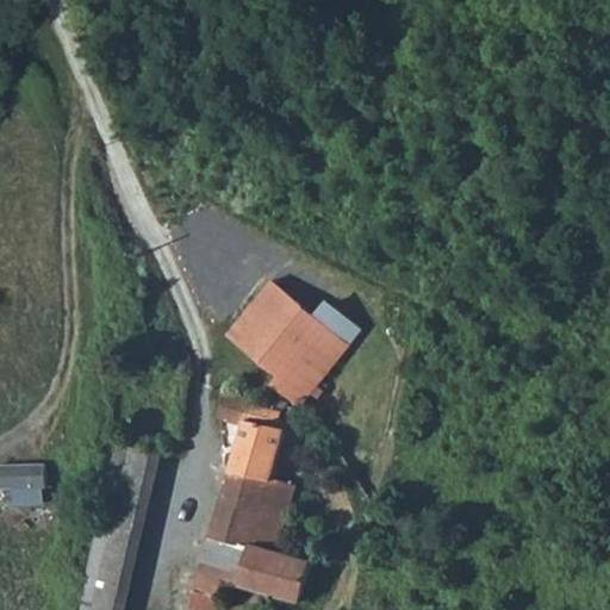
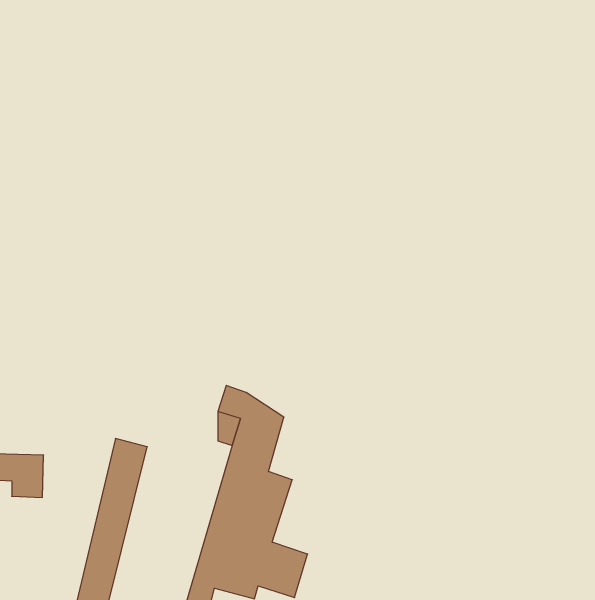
building: [228,281,361,406] -> none

